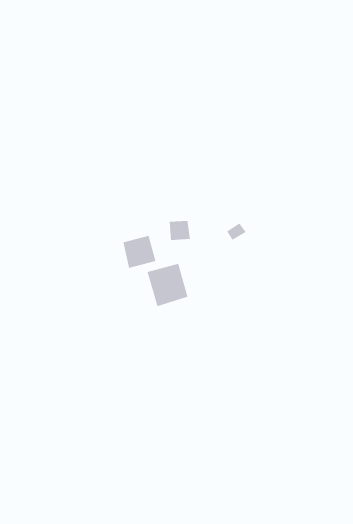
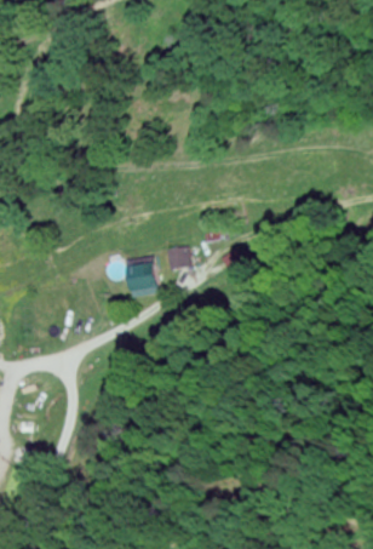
building: [147,263,188,307] -> none

